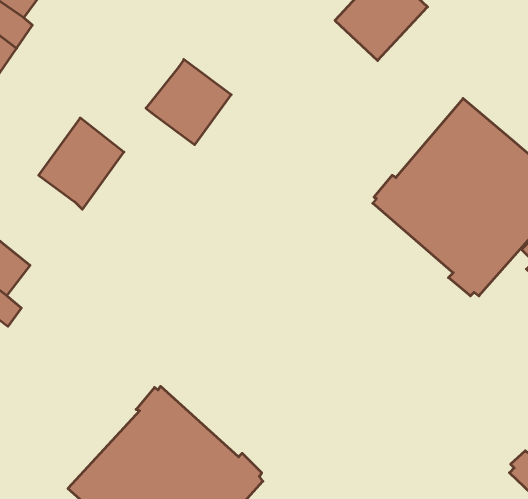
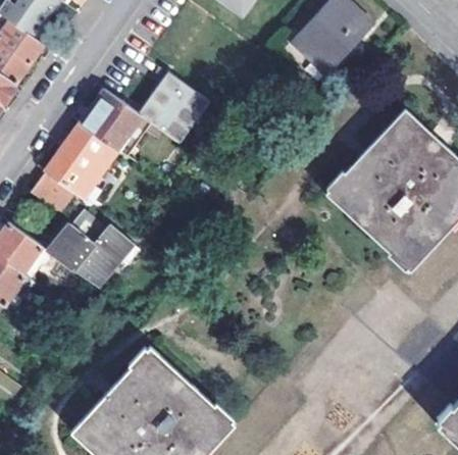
building: none -> [81,91,141,152]
building: none -> [32,171,77,213]
building: none -> [47,210,126,274]

